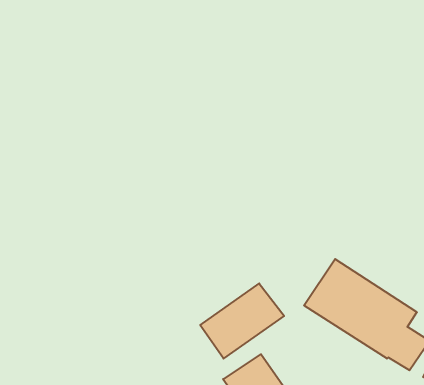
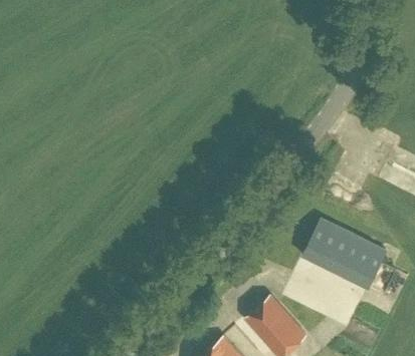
building: [200,283,284,359] -> none

